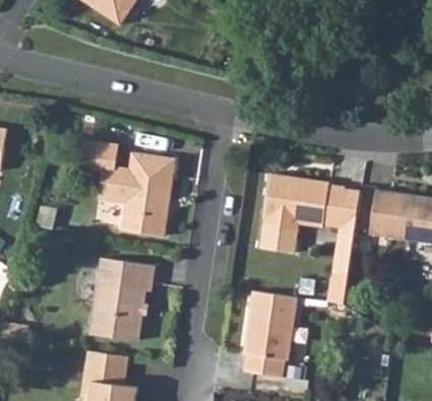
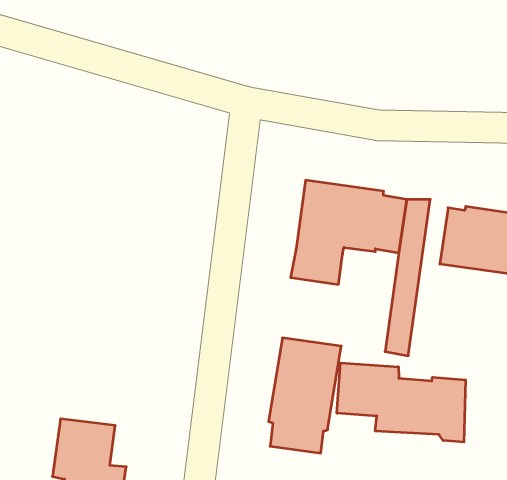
building: [80,140,175,237] -> none
building: [89,259,152,340] -> none
building: none -> [337,363,466,442]

